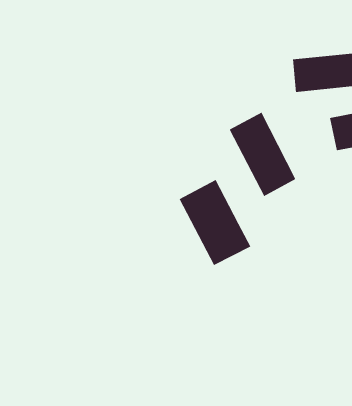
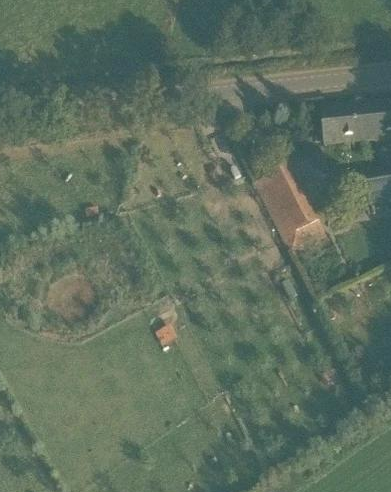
building: [179,179,251,266] -> none

